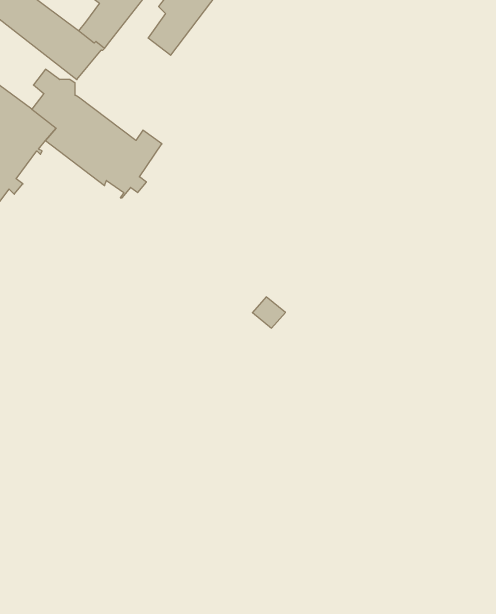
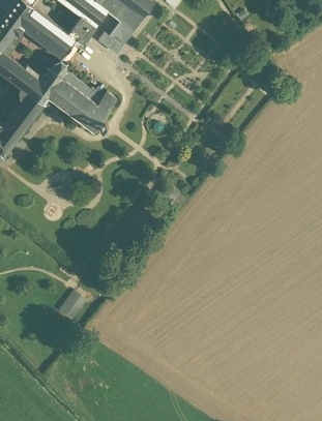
building: none -> [58,293,86,323]

